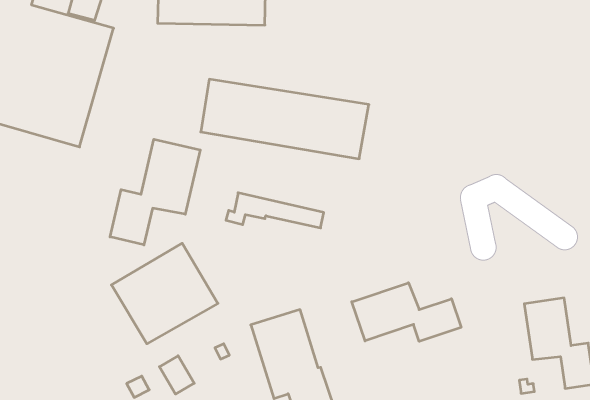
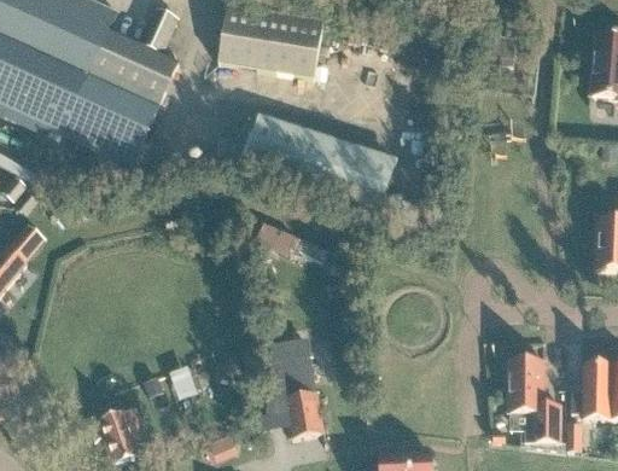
building: [110,139,200,245] -> none
building: [111,243,218,344] -> none
building: [352,283,461,341] -> none

